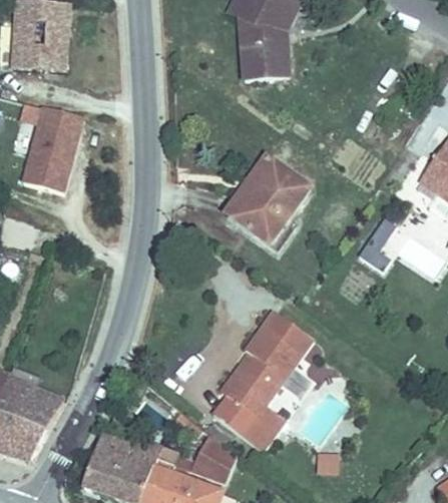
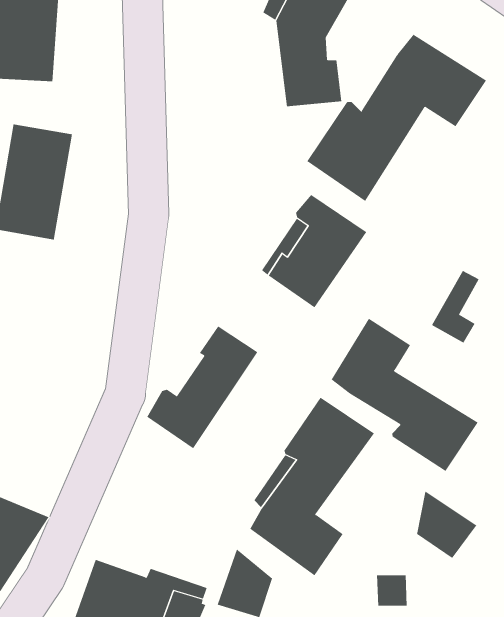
building: none -> [306,34,487,202]
building: none -> [331,318,479,472]
building: none -> [147,326,258,449]
building: none -> [416,490,477,559]

